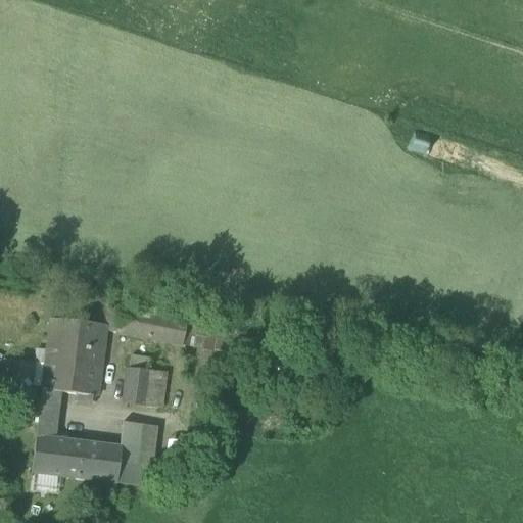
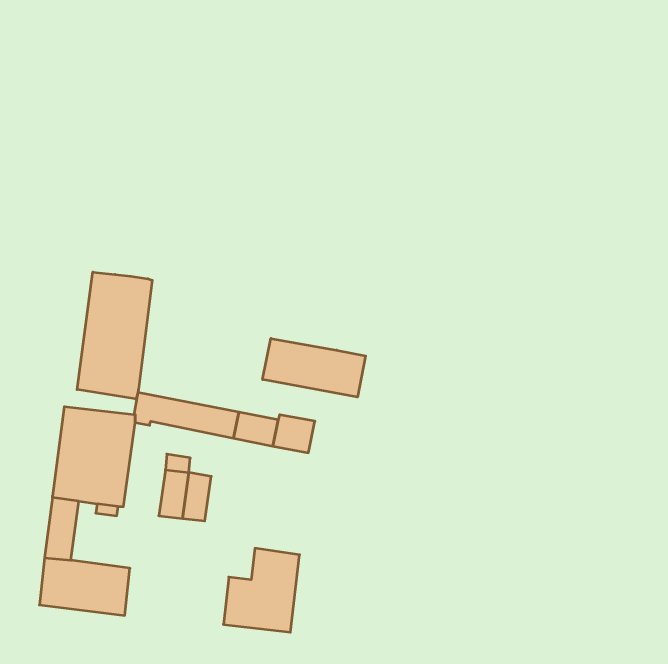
building: none -> [77,272,152,399]
building: none -> [263,338,366,397]
building: [99,420,158,485] -> [223,548,300,632]

